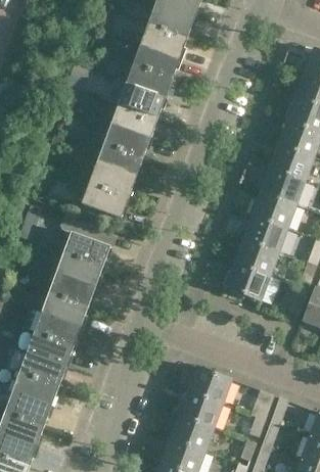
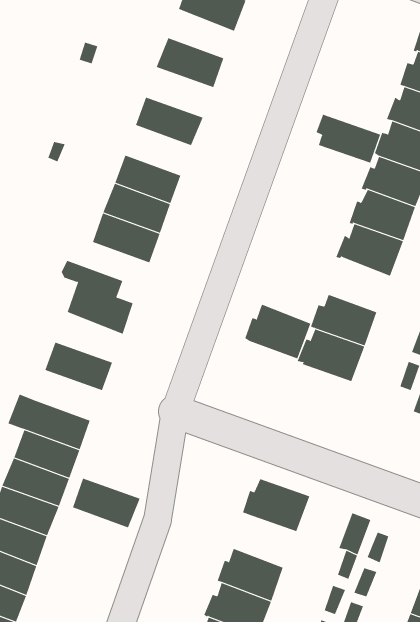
building: [133,44,179,78] -> none
building: [118,84,165,119] -> none
building: none -> [316,114,381,163]
building: [103,124,149,158] -> none
building: [240,215,286,252] -> [244,304,311,359]
building: [55,252,102,287] -> none
building: [41,292,88,327] -> [72,478,140,528]
building: [175,391,222,428] -> none

